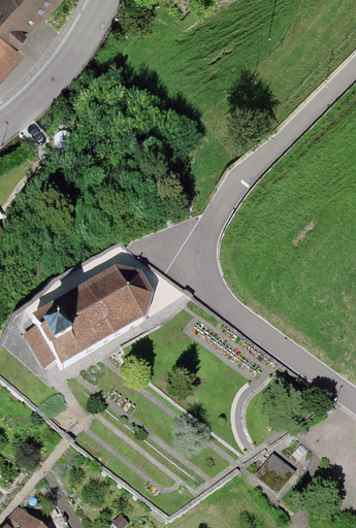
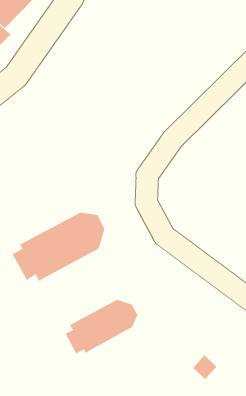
building: none -> [65,299,138,354]

